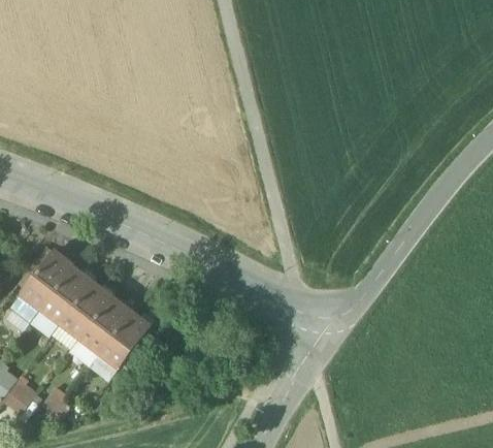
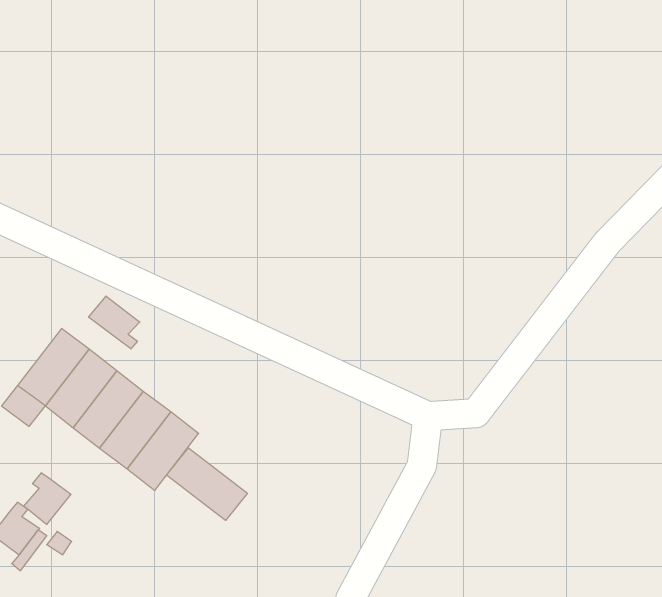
building: none -> [89,296,140,349]
building: none -> [167,448,247,520]
building: none -> [24,473,71,524]

